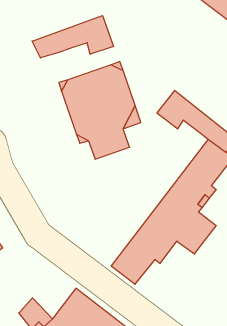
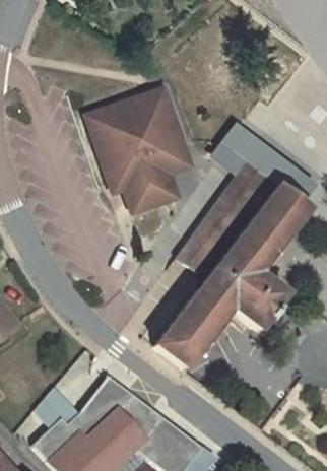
building: [32,16,113,58] -> none
building: none -> [177,163,266,274]

